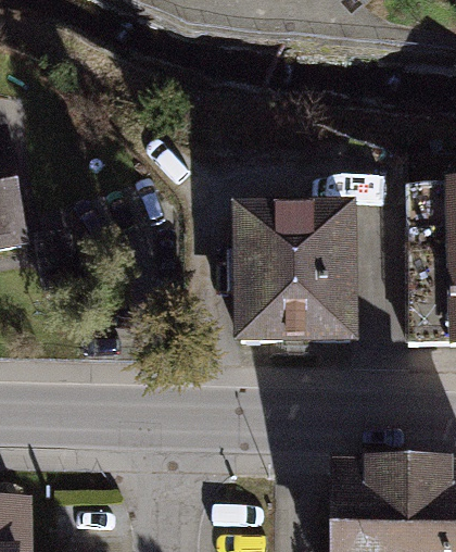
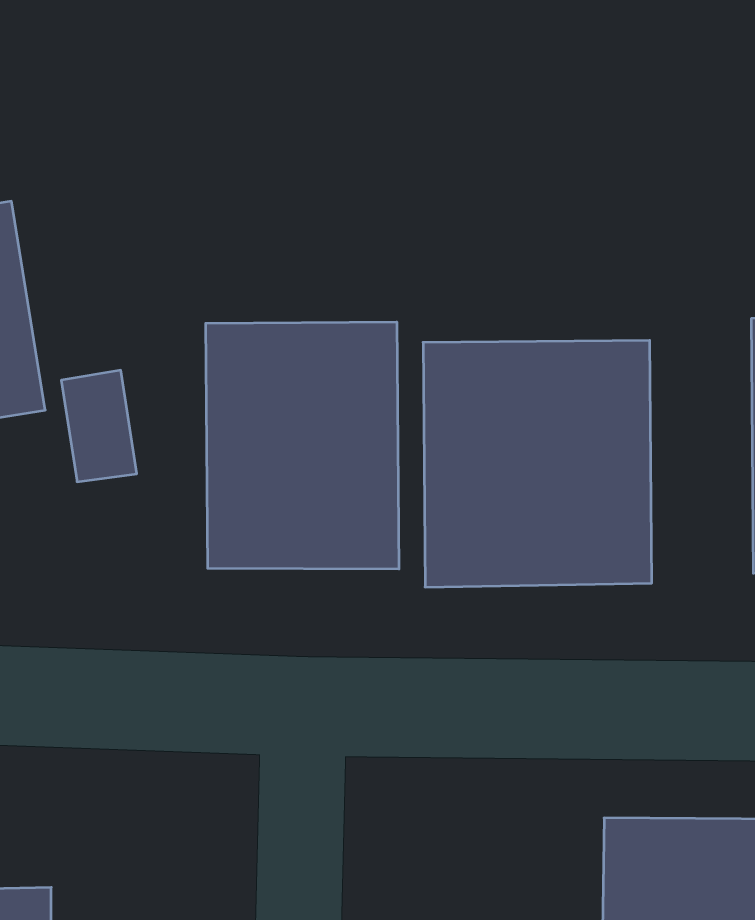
building: none -> [206,322,399,569]

